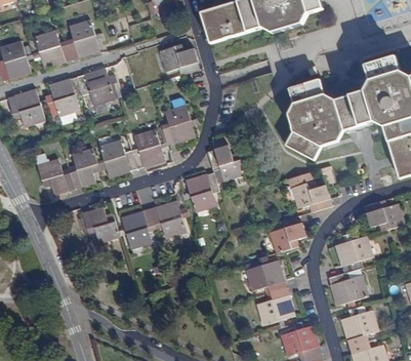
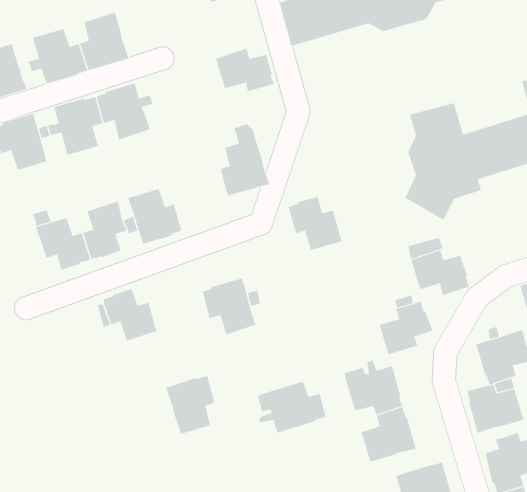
building: [130,128,164,167] -> none
building: [184,171,218,210] -> none
building: [120,208,154,248] -> [165,375,215,434]
building: none -> [257,381,326,434]

